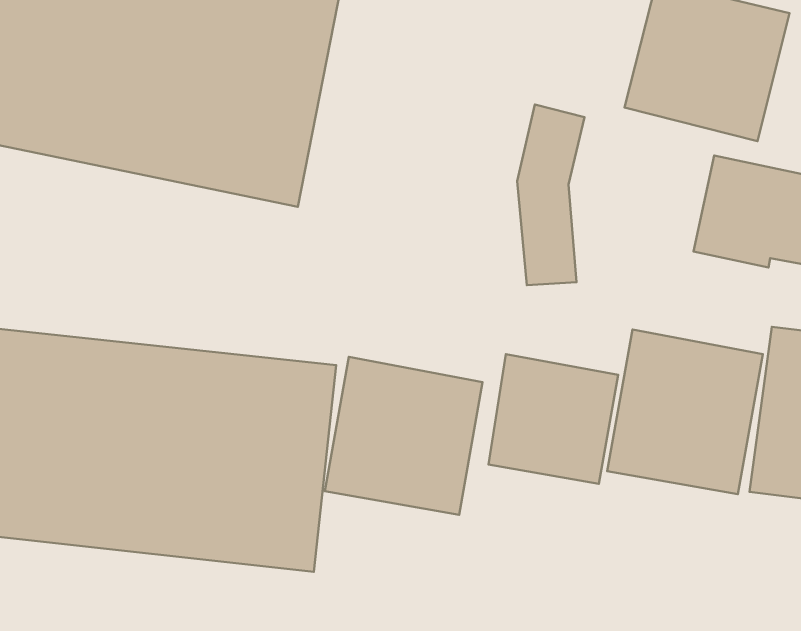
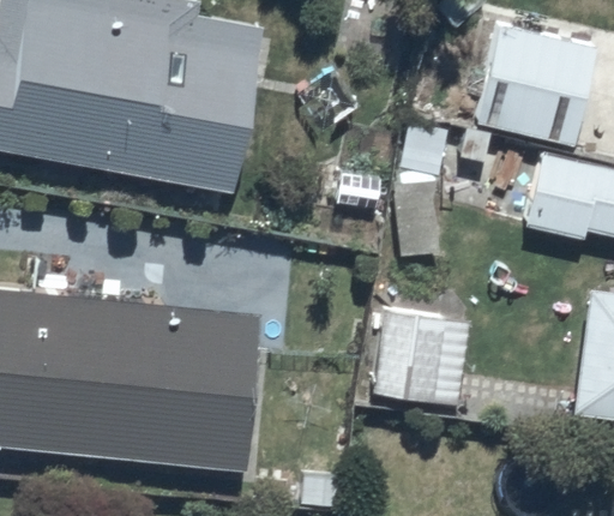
building: [607,329,763,494] -> none
building: [325,357,483,515] -> none

